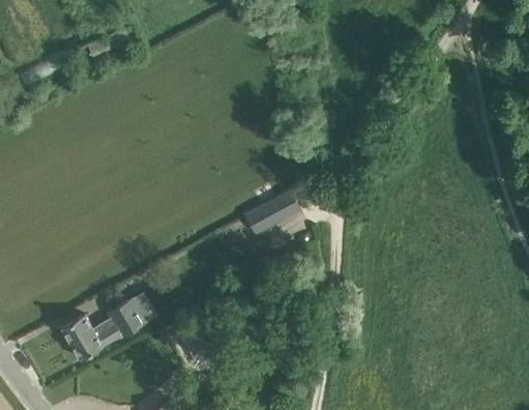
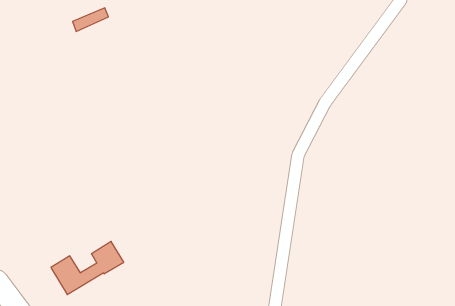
building: [244,193,299,236] -> none

